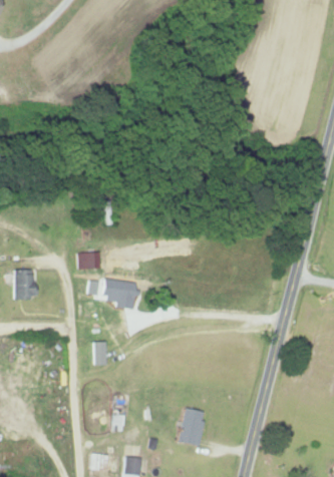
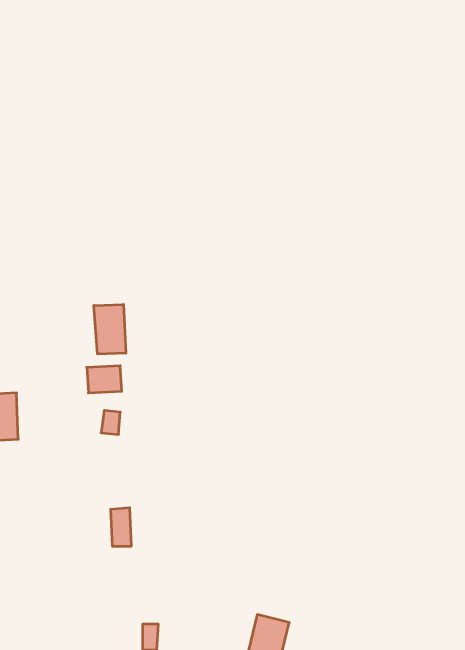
building: none -> [94,304,126,354]
building: [103,279,136,309] -> none

